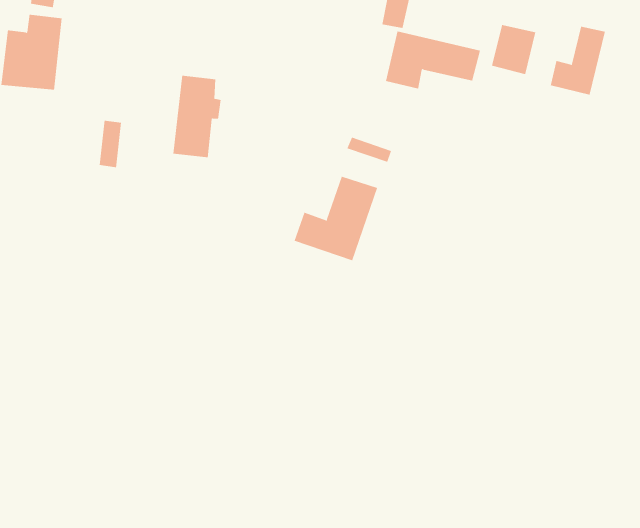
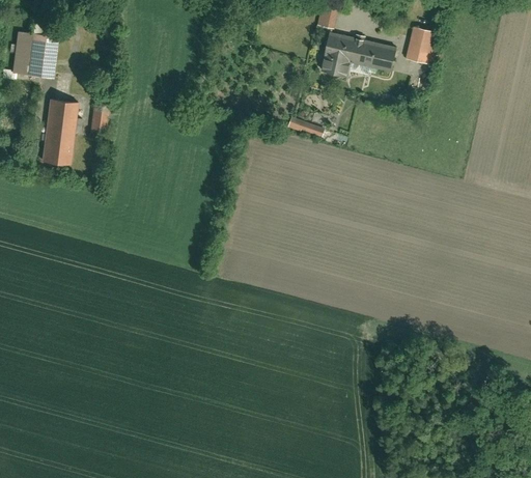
building: [550,26,605,95] -> none
building: [172,75,221,158] -> [41,99,81,165]
building: [294,176,378,261] -> none

